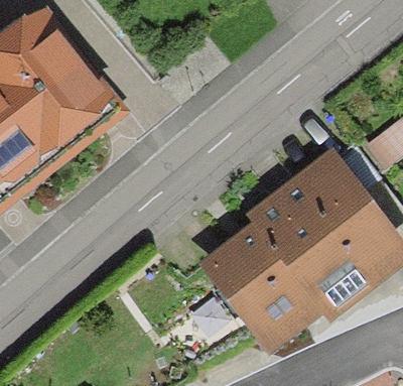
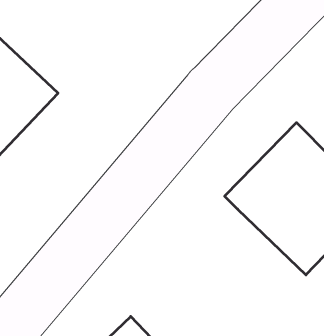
building: [209,226,317,325] -> none

